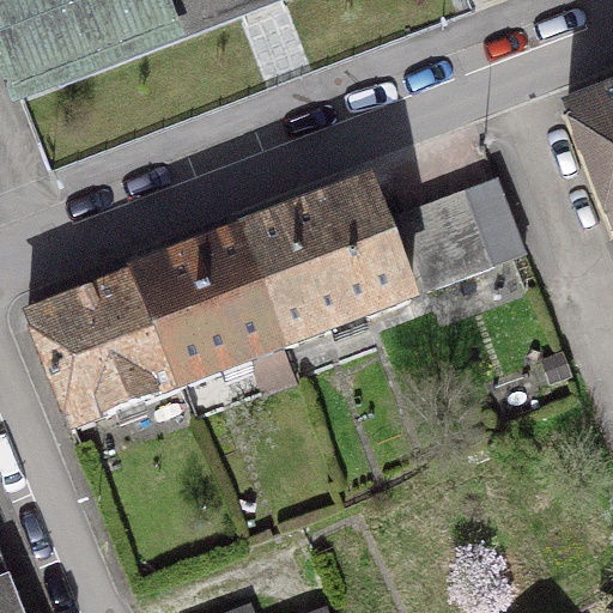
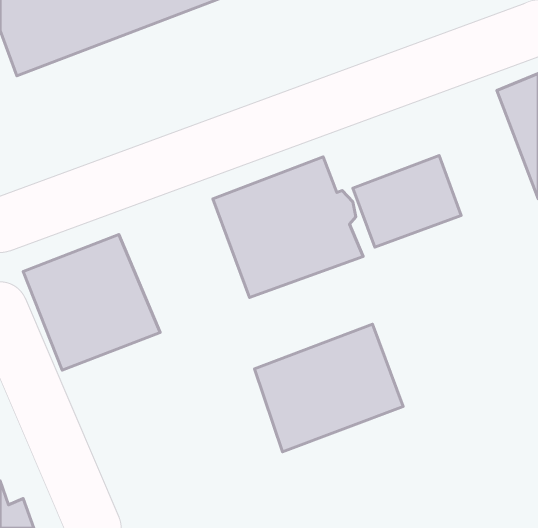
building: [135,226,284,378] -> none
building: none -> [255,324,403,452]

